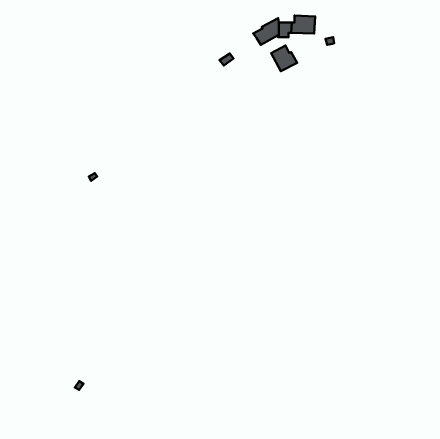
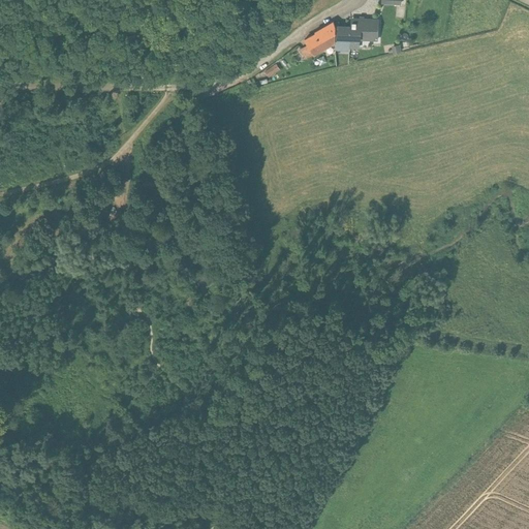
building: [271,46,297,71] -> none

